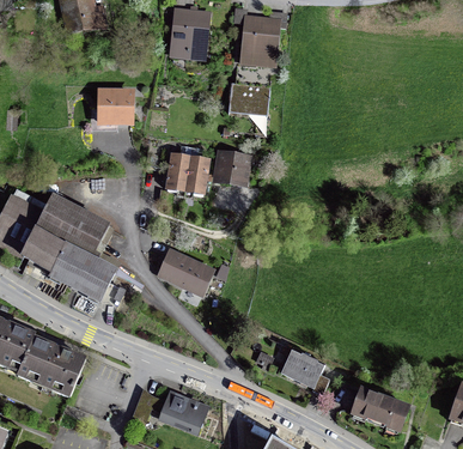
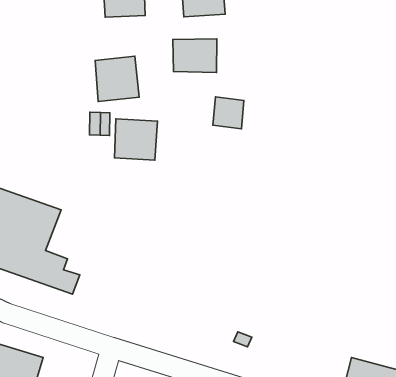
building: [96,90,133,127] -> [95,56,139,102]
building: [218,150,248,181] -> [213,97,244,129]
building: [158,249,213,292] -> none
building: [280,351,324,389] -> none

